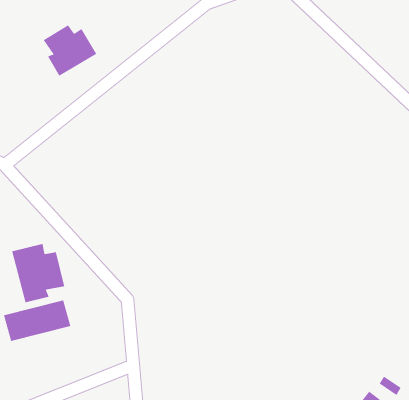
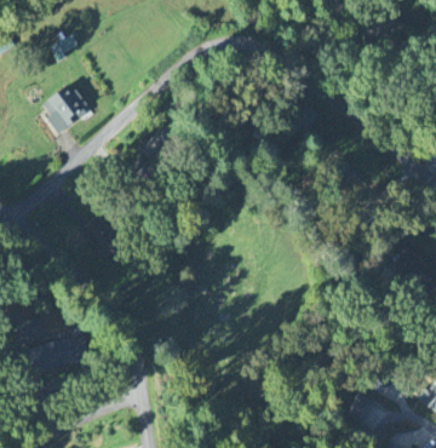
building: [12,243,65,303] -> none

